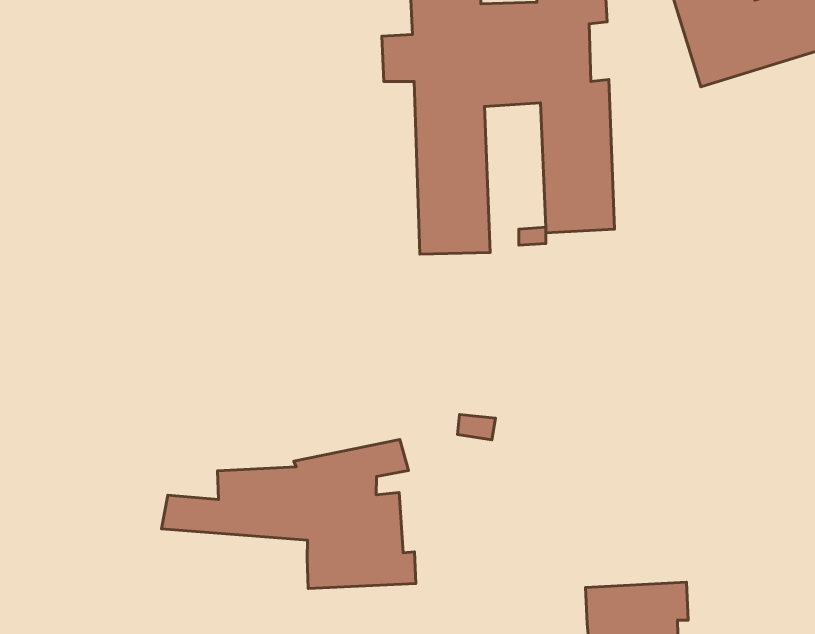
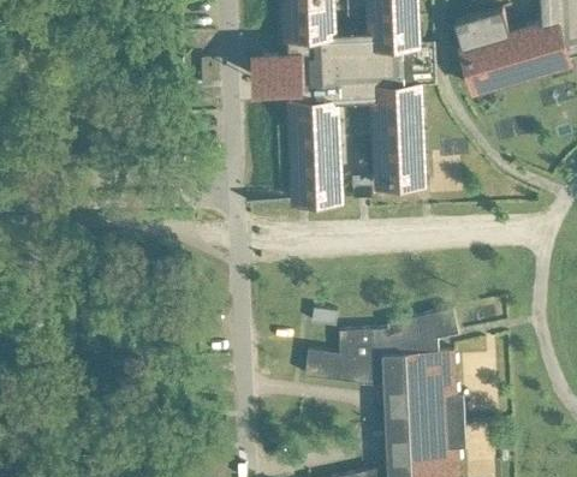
building: none -> [307,306,466,424]
building: [162,440,416,588] -> none

